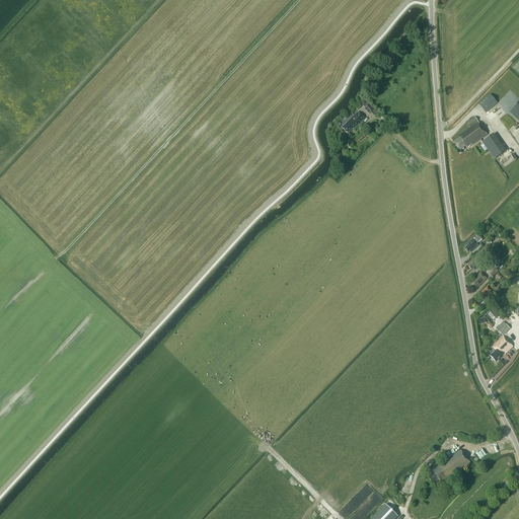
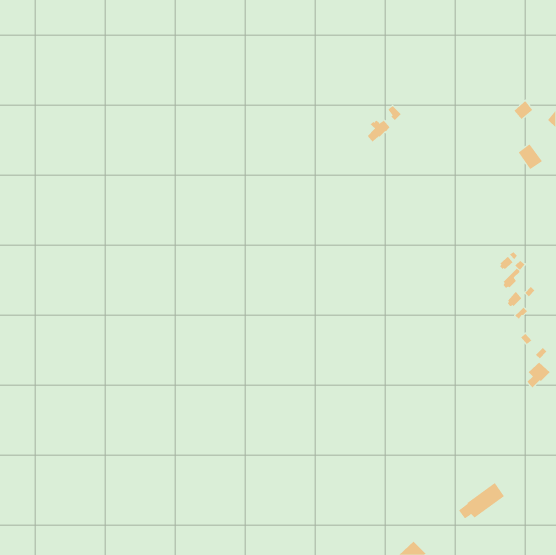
building: [453,117,487,150] -> none

